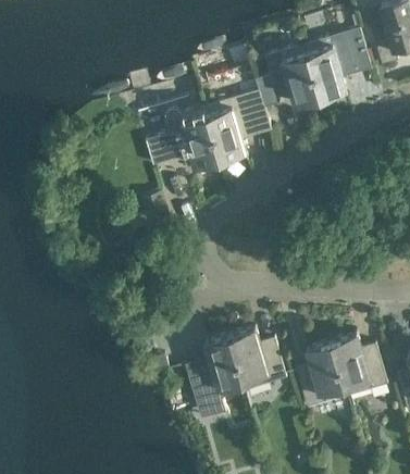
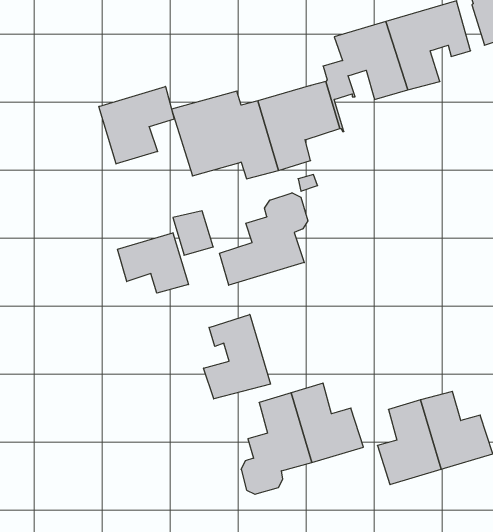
building: none -> [99,86,174,164]
building: none -> [219,193,308,285]
building: none -> [117,233,188,293]
building: none -> [204,314,271,399]

